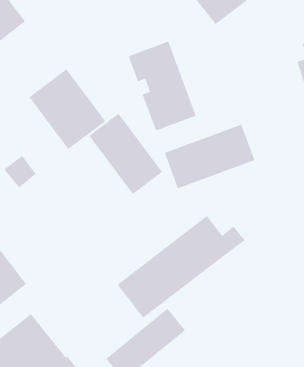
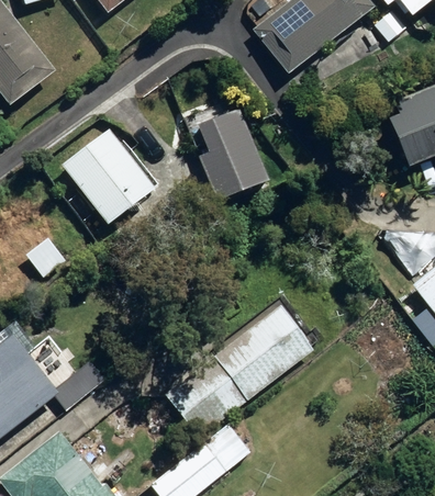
building: [88,113,163,195] -> none
building: [164,124,255,189] -> none

